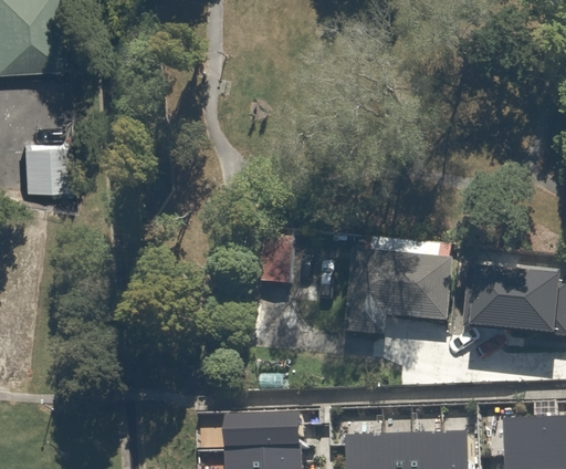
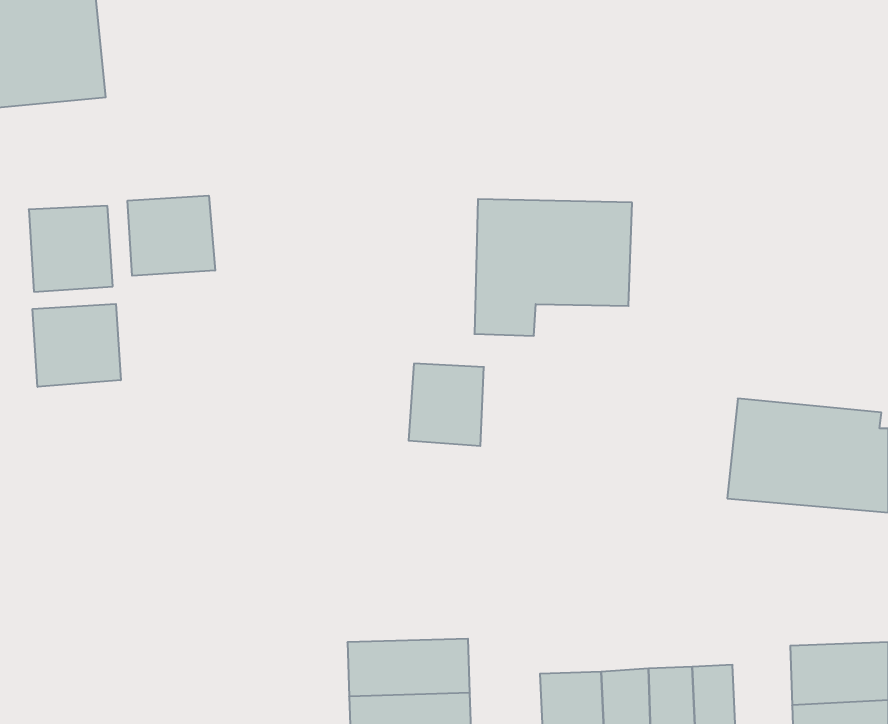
building: none -> [128,196,215,276]
building: none -> [33,304,121,387]
building: [352,256,451,342] -> [474,199,632,336]

